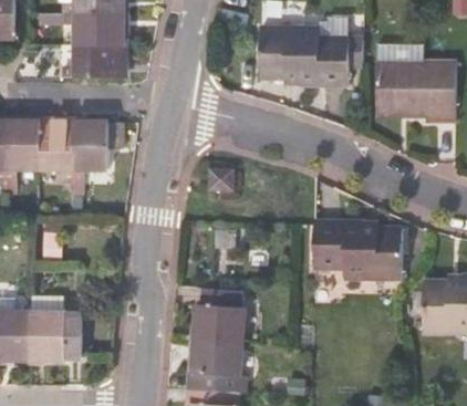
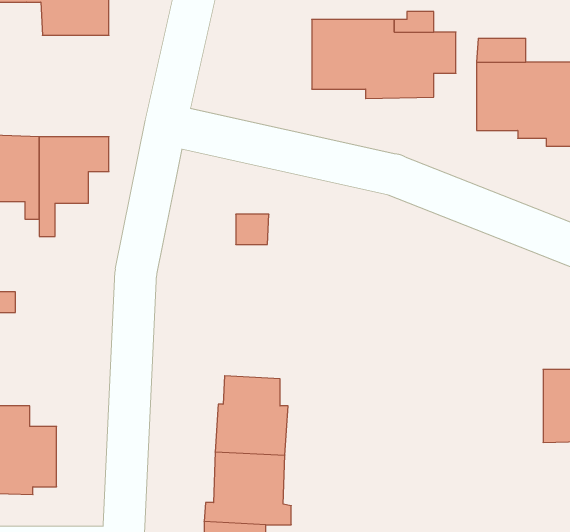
building: [61,46,121,80] -> none
building: [312,220,402,277] -> none

